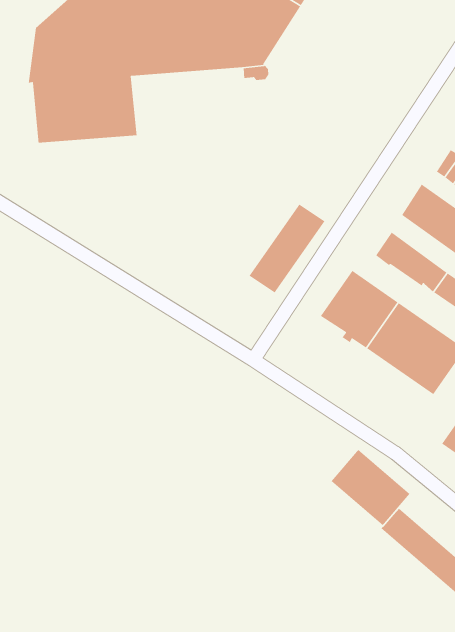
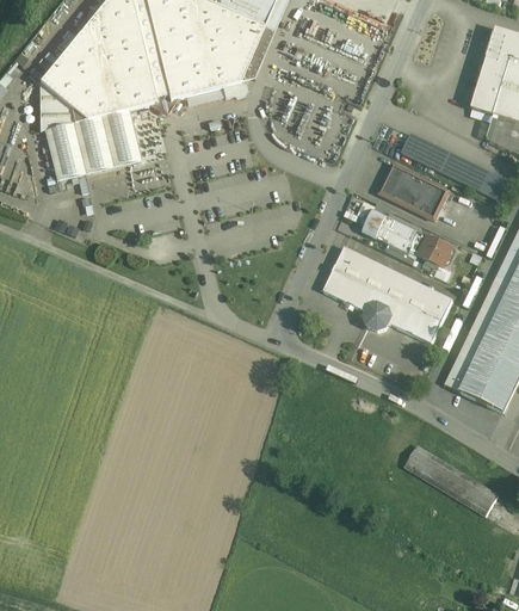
building: [249,203,325,294] -> none
building: [331,449,410,526] -> none

